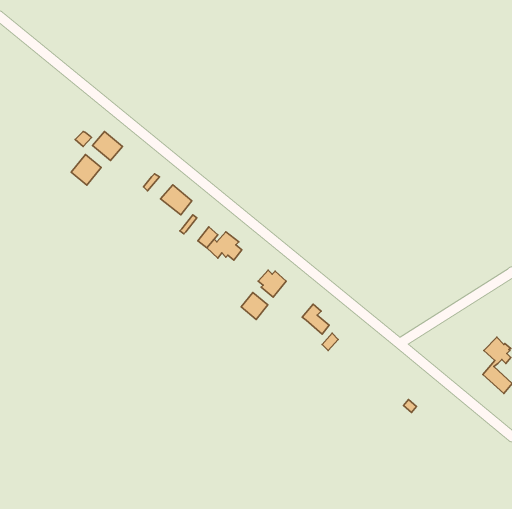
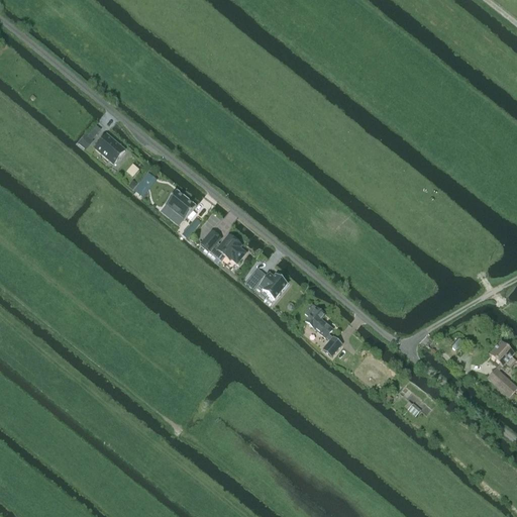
building: [71,154,101,185] -> none
building: [241,292,268,319] -> none

